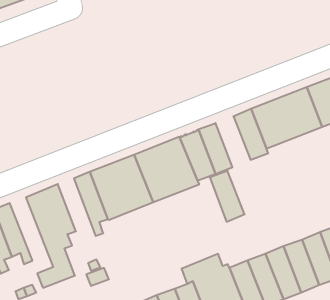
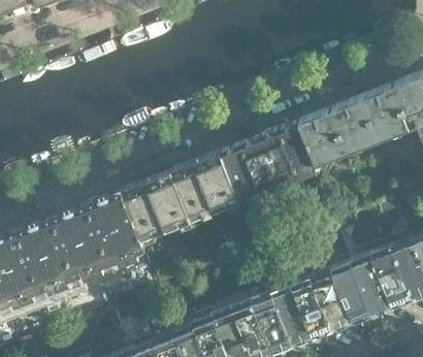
building: [210,171,245,222] -> [259,130,297,186]
building: none -> [87,198,131,271]
building: none -> [34,219,71,288]

